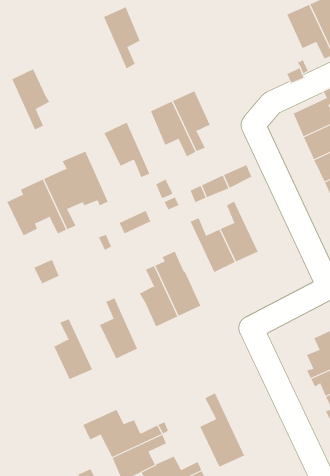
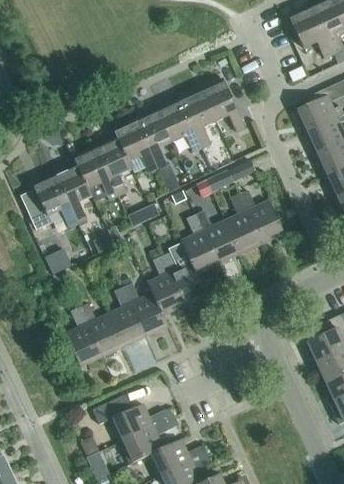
building: [103,7,141,69] -> [136,108,172,168]
building: [12,69,50,130] -> [96,136,133,195]
building: none -> [201,78,246,132]
building: none -> [239,190,285,243]
building: none -> [181,214,219,273]
building: none -> [124,283,169,336]
building: none -> [80,303,125,356]
building: [200,393,245,468] -> none

